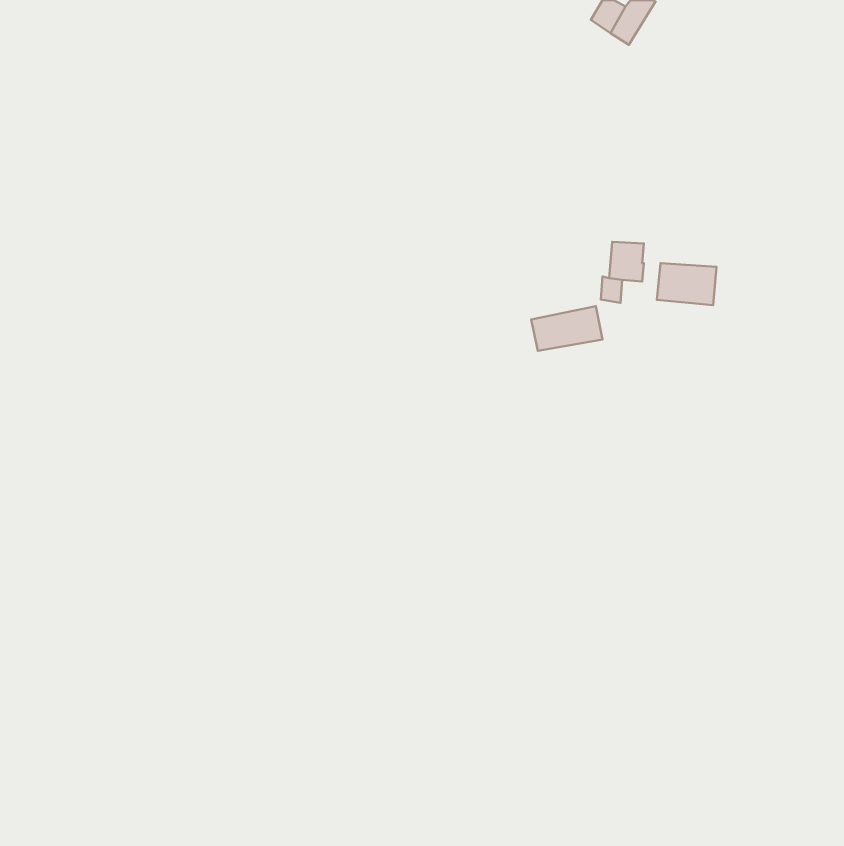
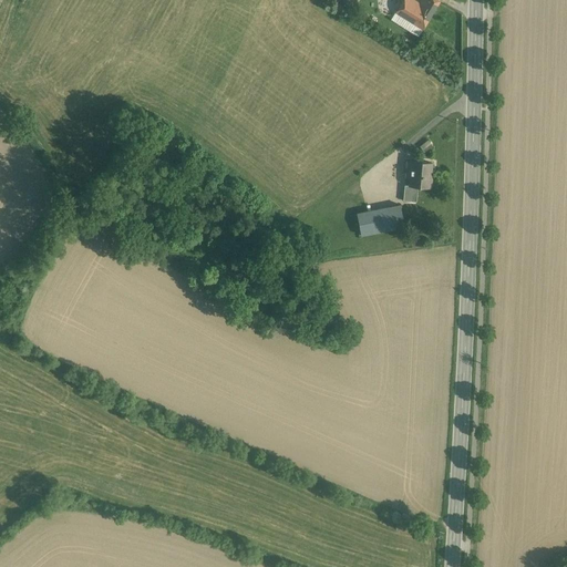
building: [657,263,717,305] -> none

